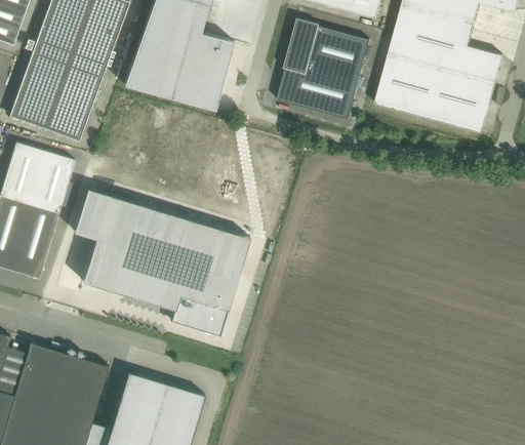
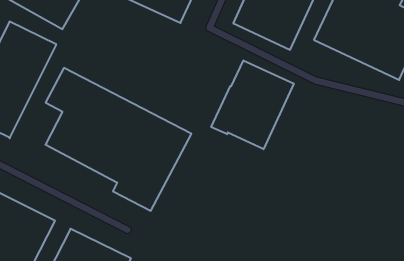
building: none -> [211,60,294,149]

